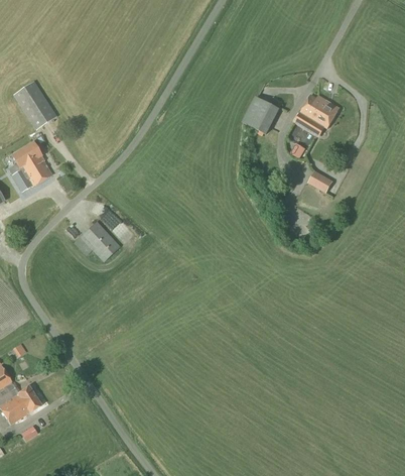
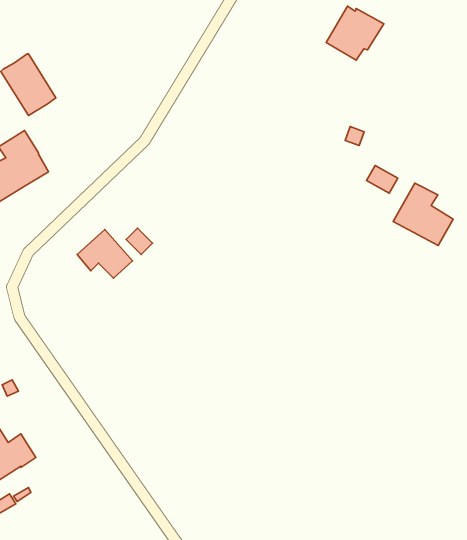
building: [293,93,340,136] -> [326,6,384,60]
building: [242,96,278,132] -> none
building: none -> [393,183,453,246]

